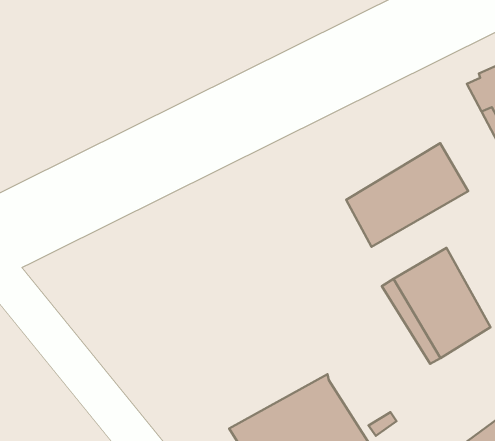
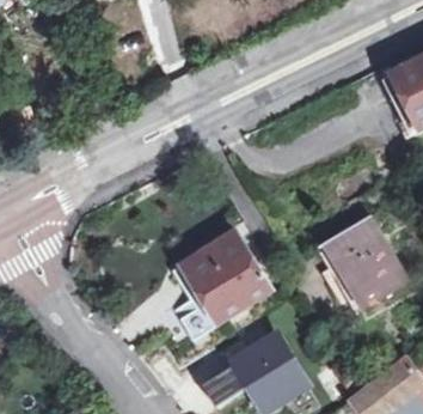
building: [346,143,468,247] -> none
building: none -> [168,232,269,331]

